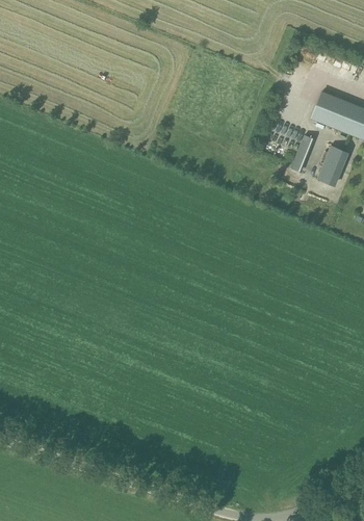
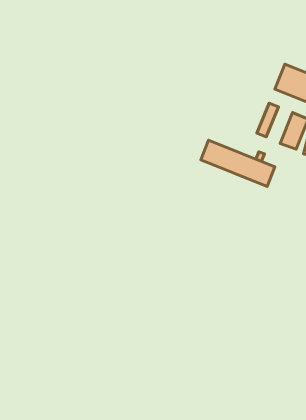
building: none -> [201,140,275,187]

